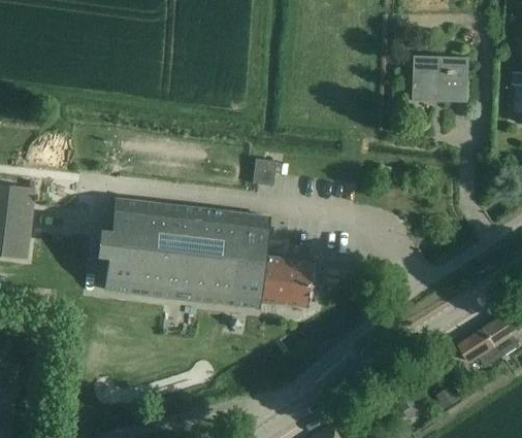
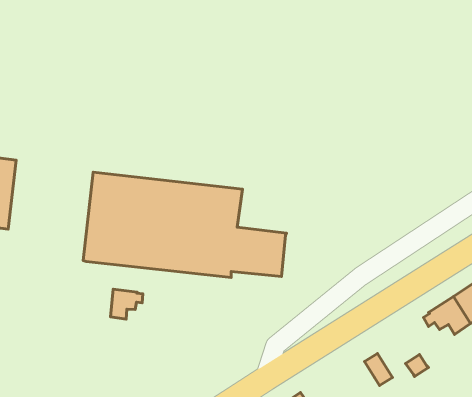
building: [412,55,468,102] -> none
building: [251,158,274,186] -> none
building: none -> [110,289,143,319]

